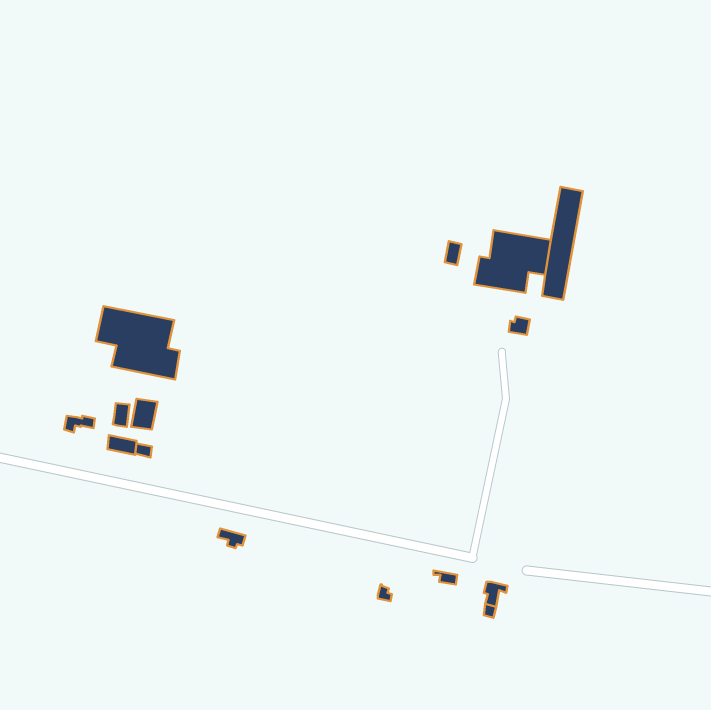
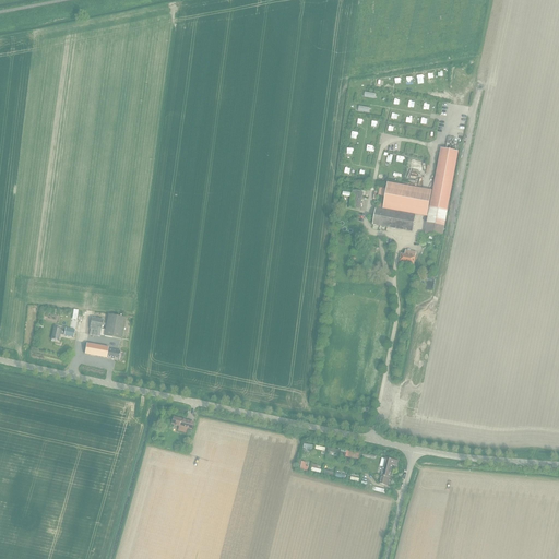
building: [96,306,180,380] -> none

